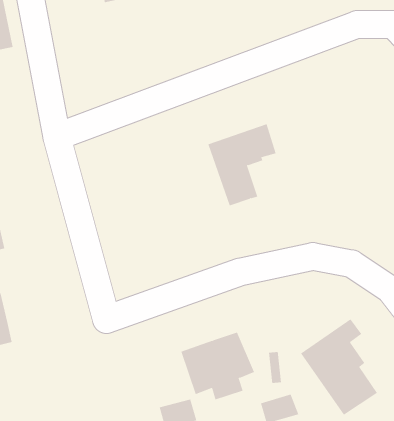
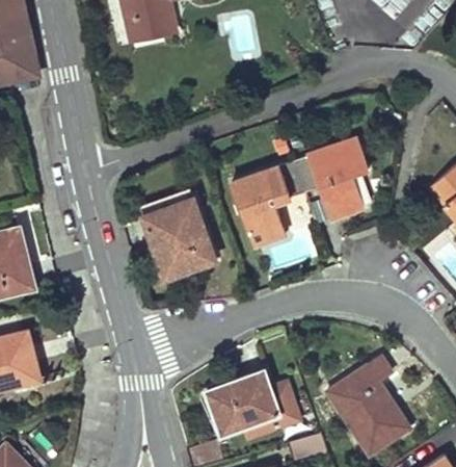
building: none -> [295,137,369,216]
building: none -> [146,196,216,274]

